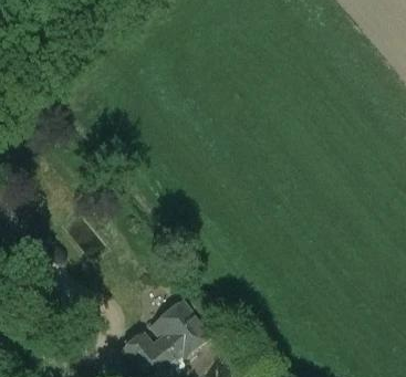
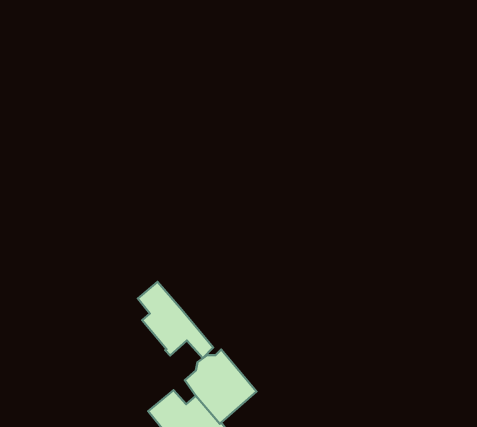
building: none -> [138,282,213,358]

